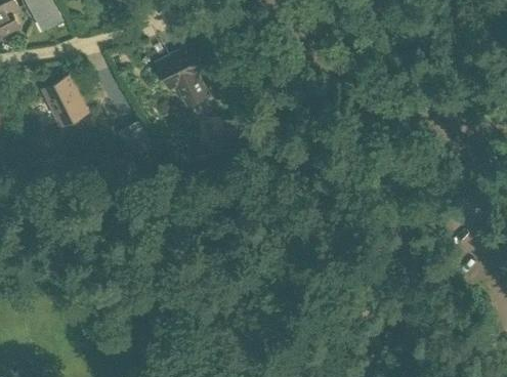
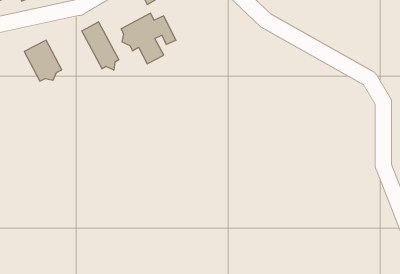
building: none -> [82,22,119,70]

